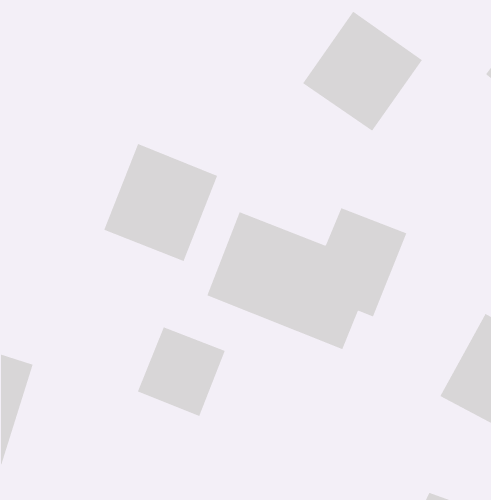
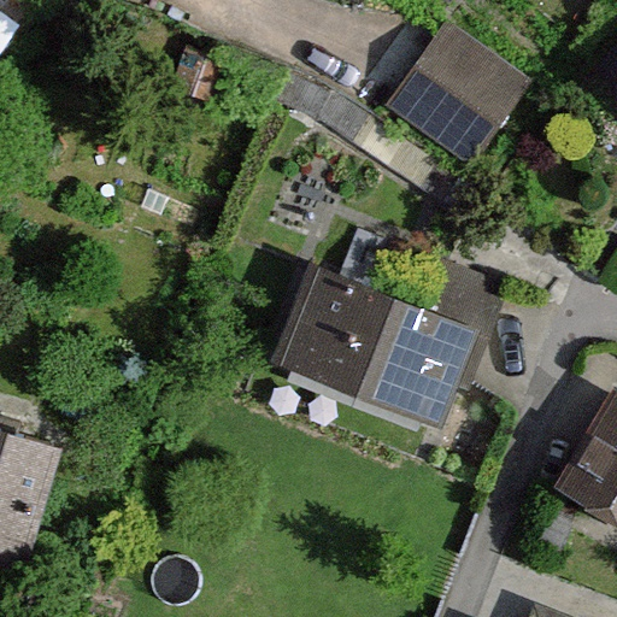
building: [103,143,218,262] -> none
building: [137,326,226,417] -> none

